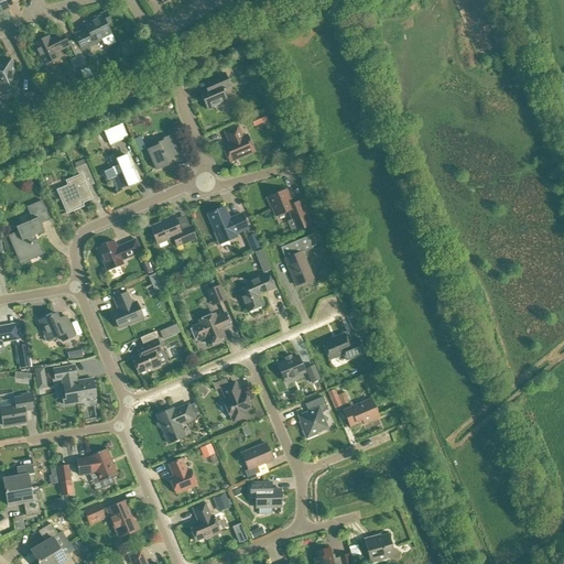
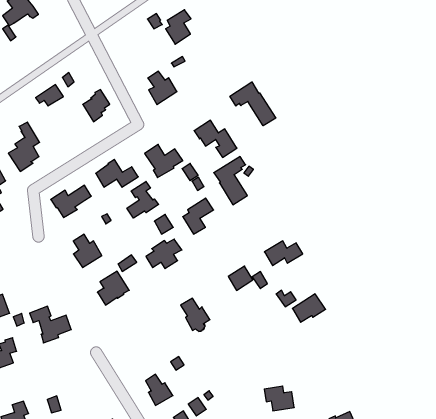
building: [199,73,229,109] -> [166,10,191,44]
building: none -> [230,82,276,126]
building: [104,154,139,188] -> none
building: none -> [127,181,159,218]
building: [39,313,74,343] -> none
building: [297,395,327,437] -> none
building: [156,404,194,443] -> none
building: [241,443,272,477] -> none
building: [76,448,117,489] -> none
building: [250,481,280,507] -> [264,386,294,411]

